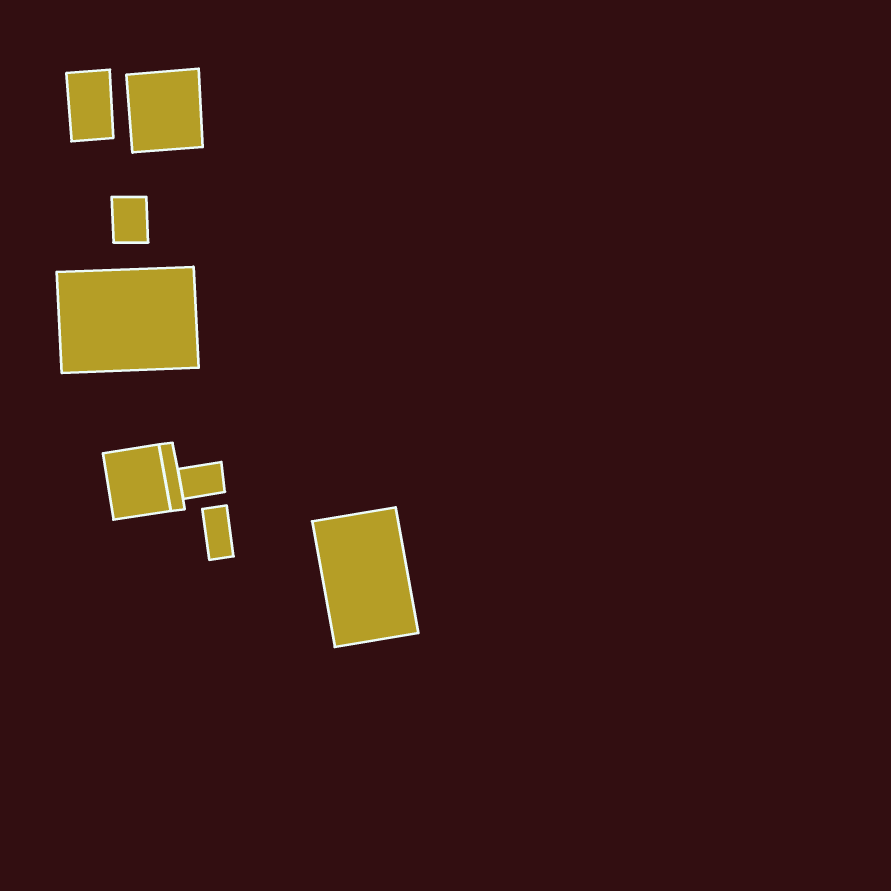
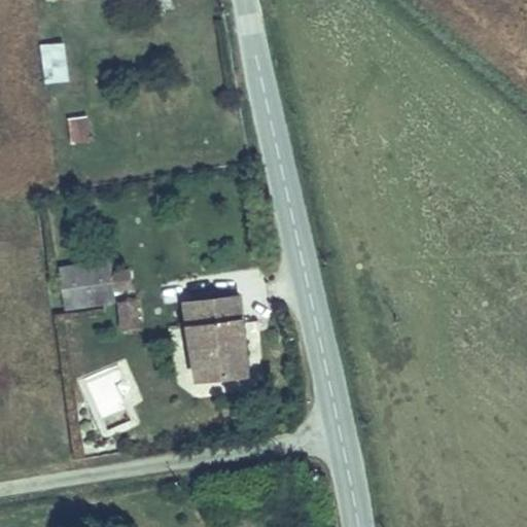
building: [127,69,203,153] -> none
building: [57,267,199,373] -> none

